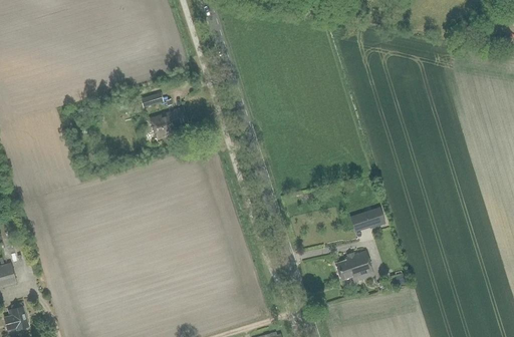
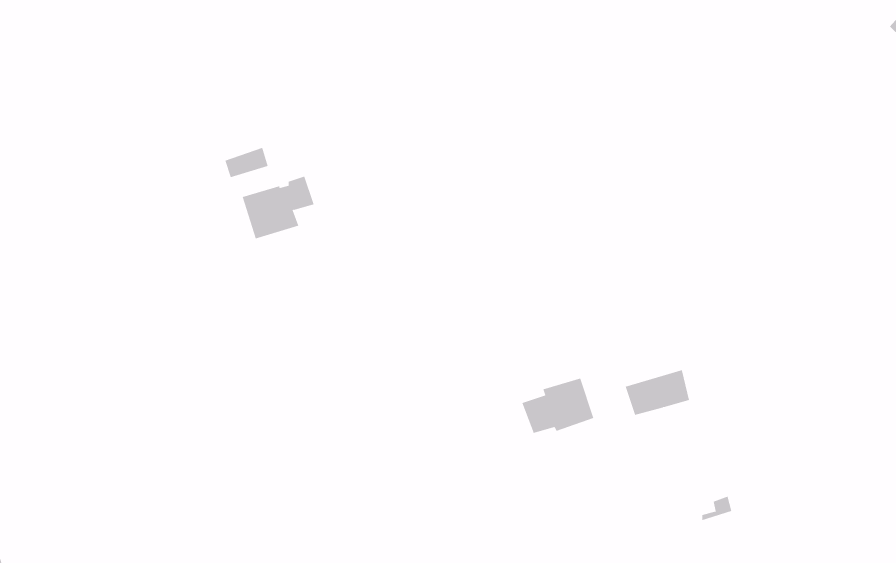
building: [334,251,372,280] -> [522,378,594,433]

